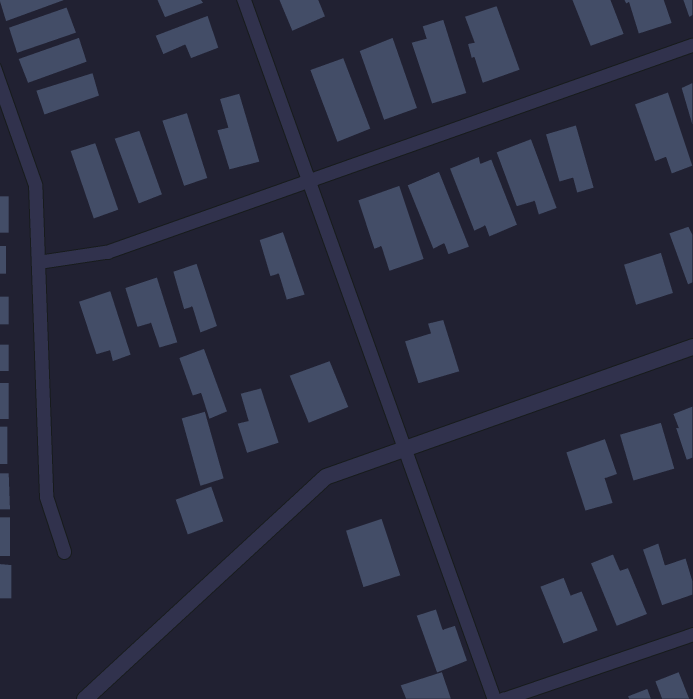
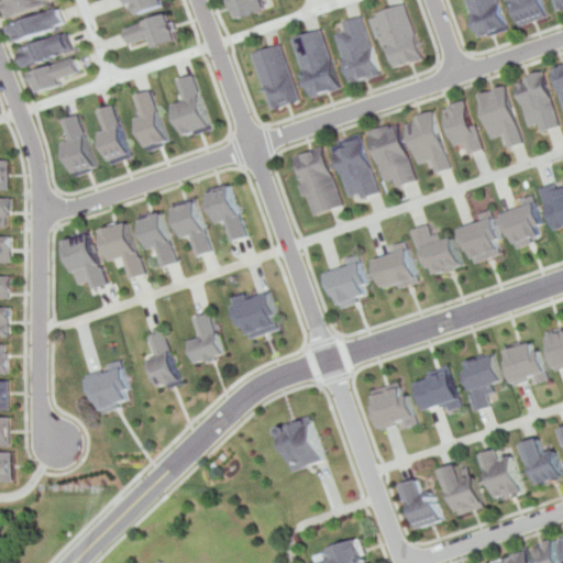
building: none -> [472,85,519,148]
building: none -> [457,210,500,262]
building: none -> [408,222,459,277]
building: none -> [371,242,416,294]
building: [179,348,228,420] -> [172,199,211,256]
building: none -> [410,367,455,410]
building: none -> [365,380,410,430]
building: [175,486,224,535] -> [91,368,131,408]
building: [416,609,468,673] -> [396,478,438,530]

